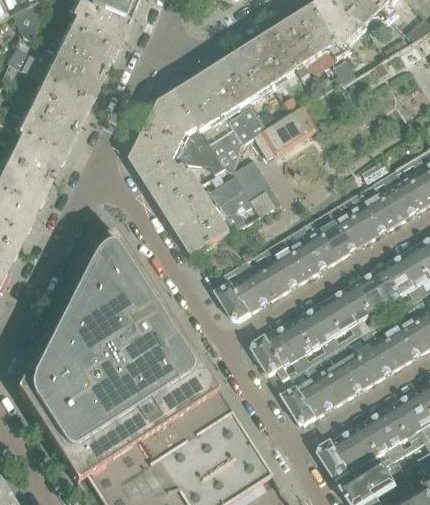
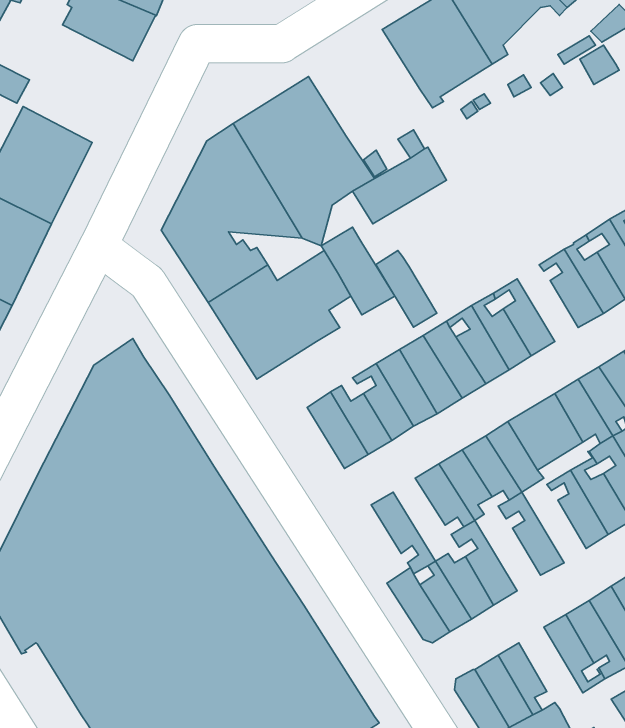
building: [44,30,114,105] -> none
building: [226,33,297,101] -> none
building: [359,183,398,232] -> [376,250,437,327]
building: [210,274,249,320] -> none
building: [280,319,322,372] -> none
building: [362,319,403,373] -> none
building: [253,336,291,386] -> none
building: [332,337,374,391] -> none
building: [360,414,401,466] -> none

